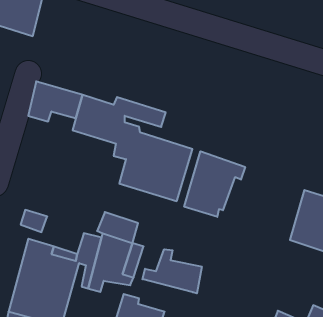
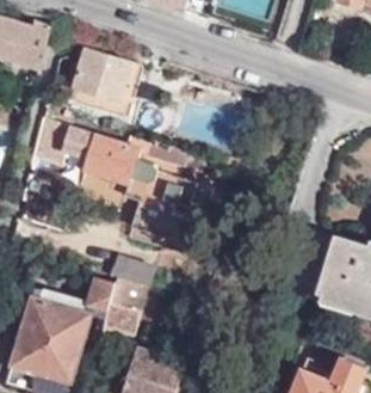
building: none -> [64,48,131,102]
building: [184,151,245,217] -> none
building: [142,249,202,293] -> none

